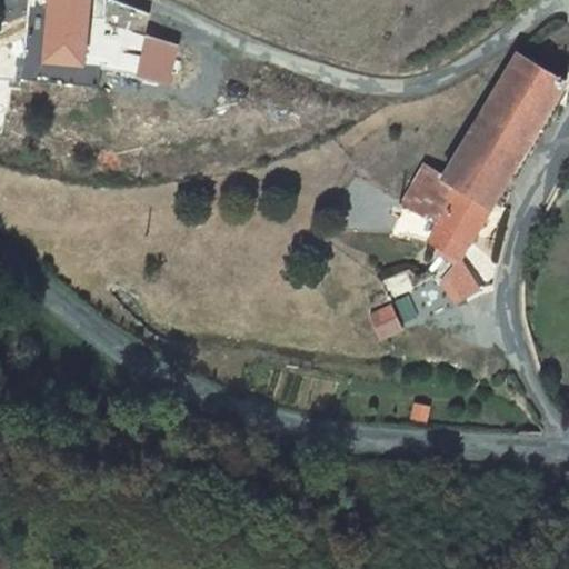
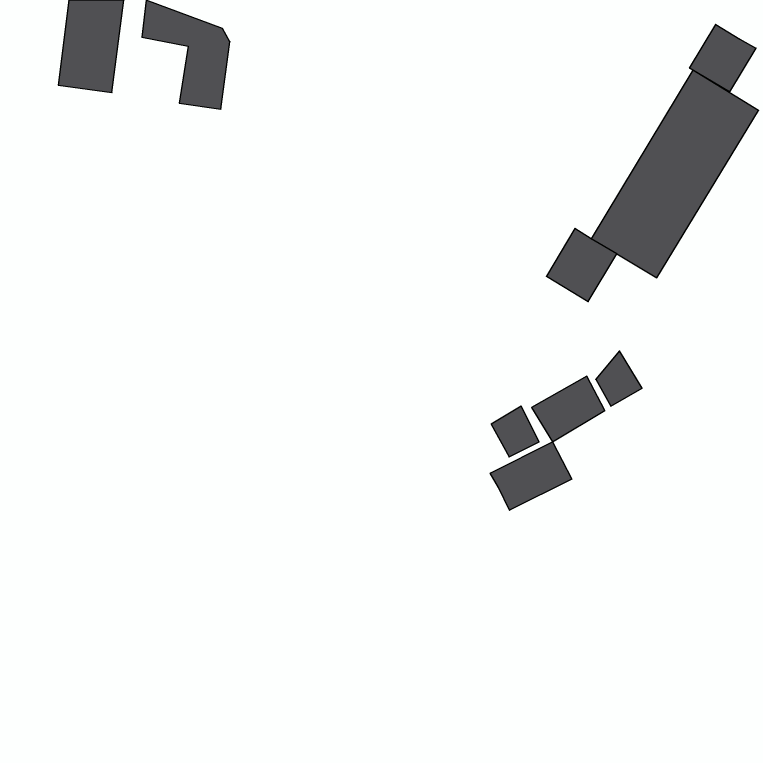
building: none -> [690,24,756,92]
building: [426,189,489,262] -> none
building: none -> [490,442,572,510]

